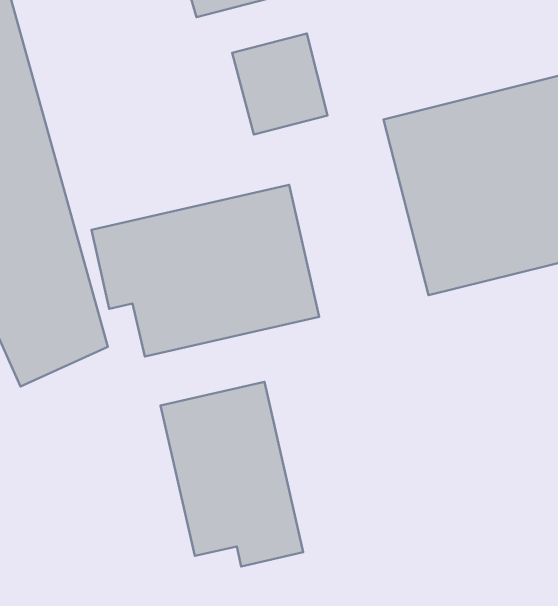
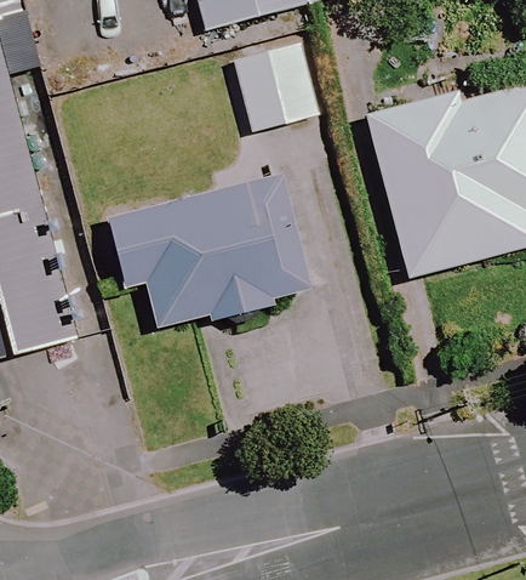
building: [161,382,303,567] -> none

